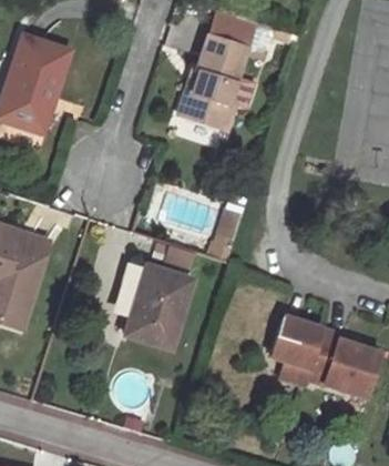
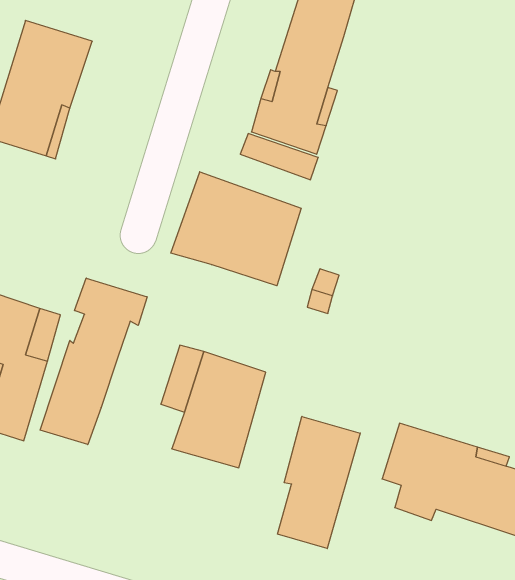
building: none -> [171,172,301,286]
building: none -> [40,278,147,445]
building: none -> [277,416,360,549]

